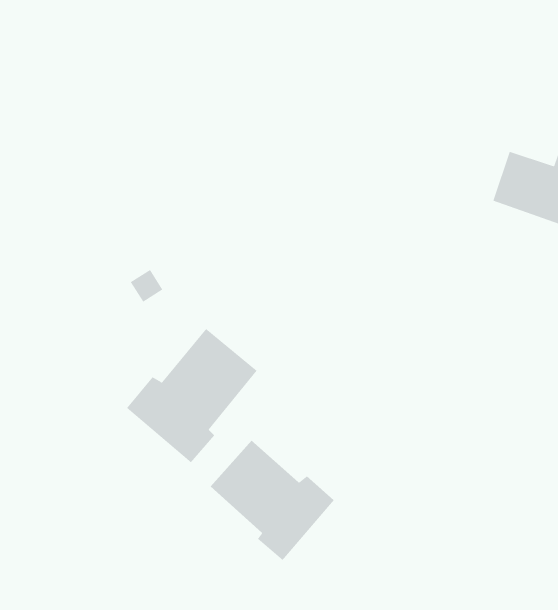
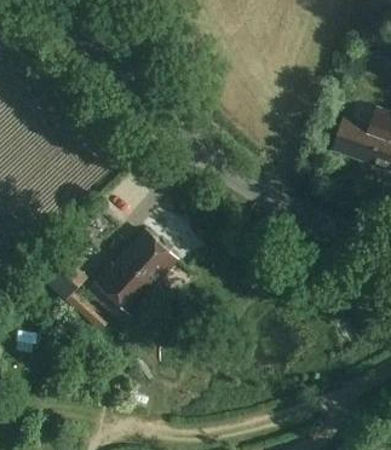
building: [210,440,334,561] -> none

